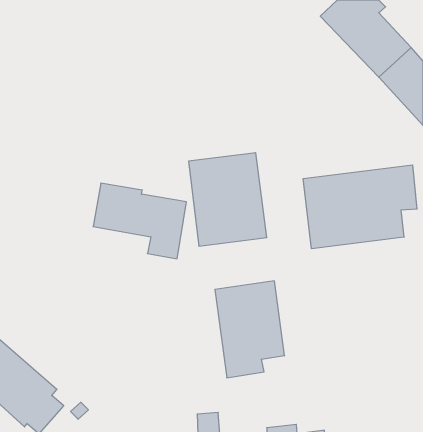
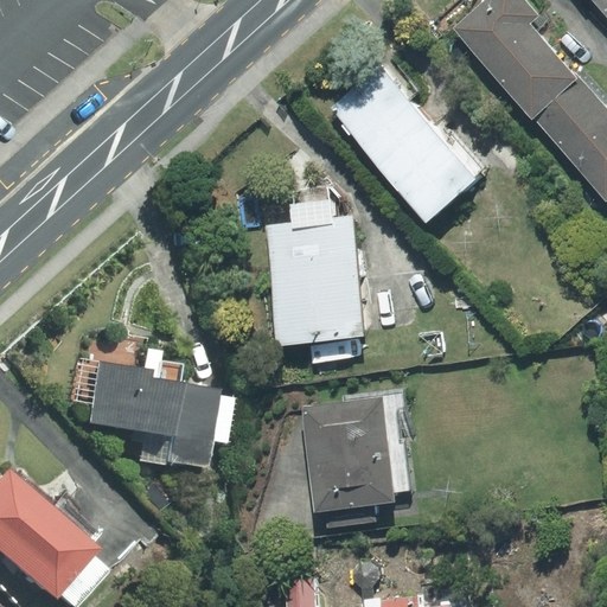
building: none -> [330,62,484,222]
building: [303,165,417,249] -> none
building: [93,183,186,259] -> [70,365,200,471]

